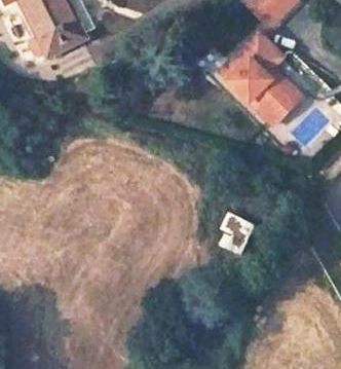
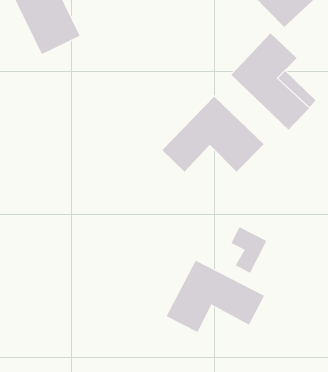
building: none -> [162,96,264,173]
building: none -> [166,260,265,333]

